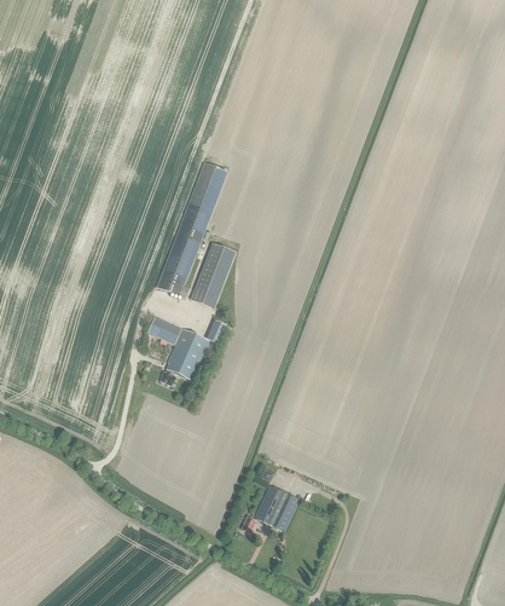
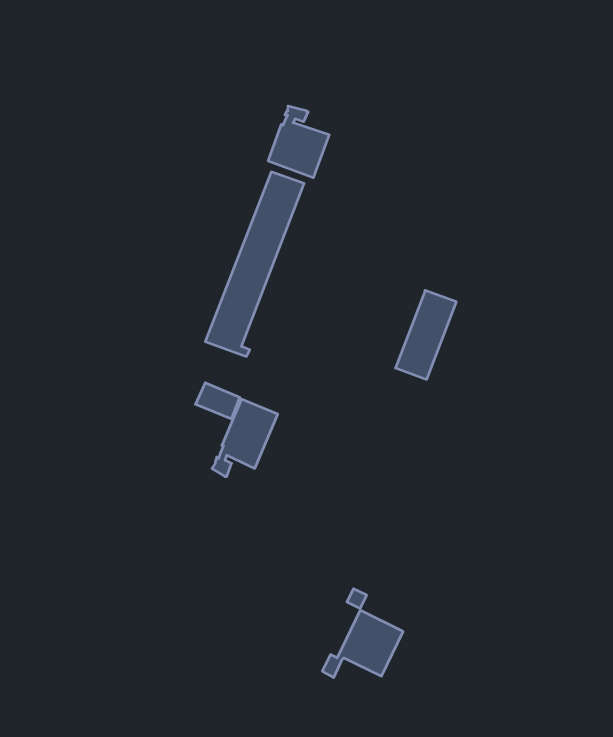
building: none -> [268,106,329,178]
building: [190,242,234,307] -> [395,290,456,379]

